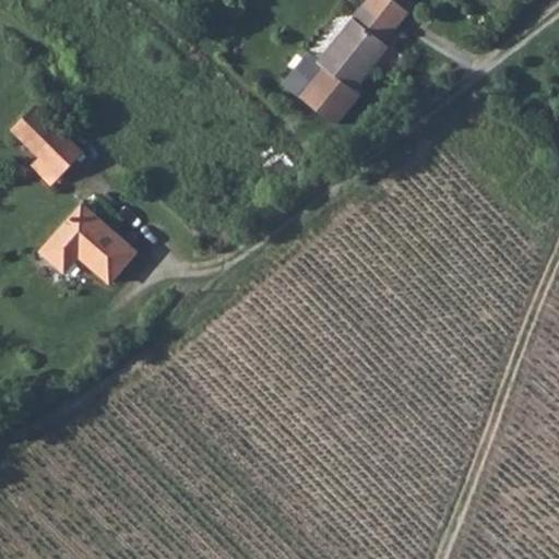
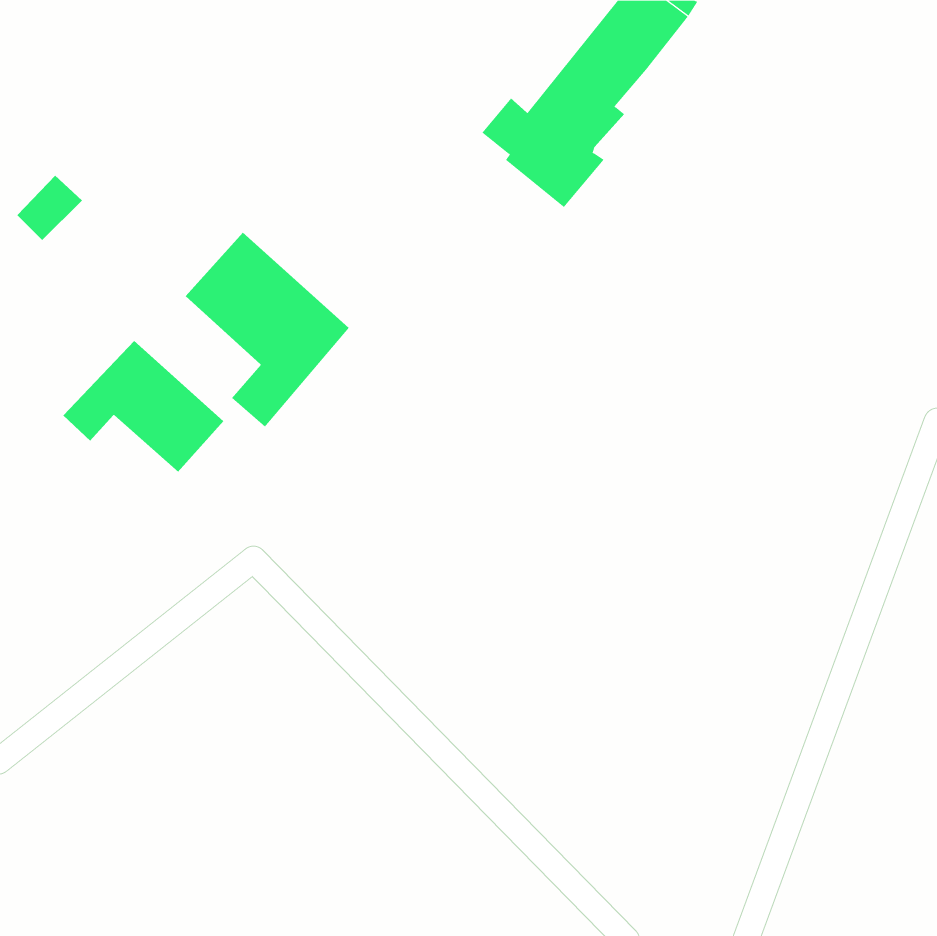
building: [25,121,79,175] -> none
building: none -> [185,232,350,427]

